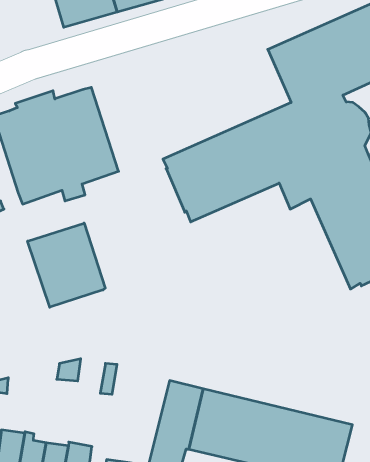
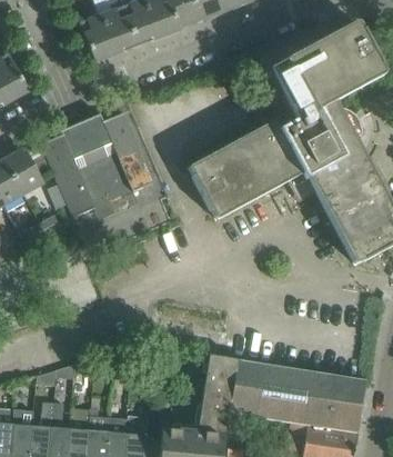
building: [28,223,105,307] -> none

